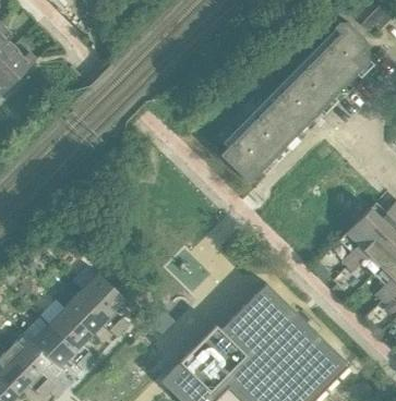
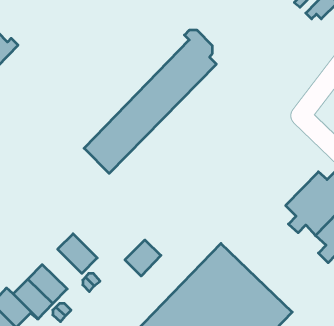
building: [219,22,369,183] -> [84,30,216,173]
building: none -> [125,240,161,276]
building: [63,290,108,335] -> none

